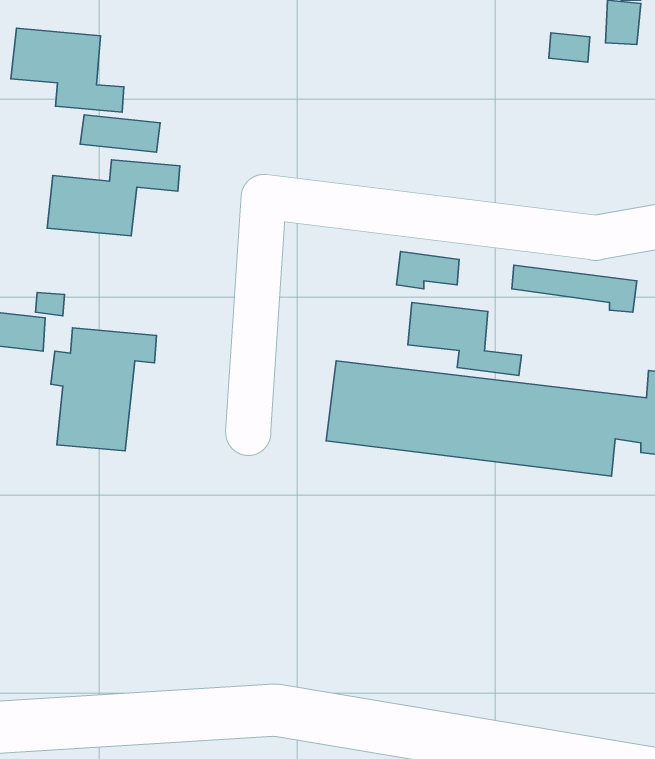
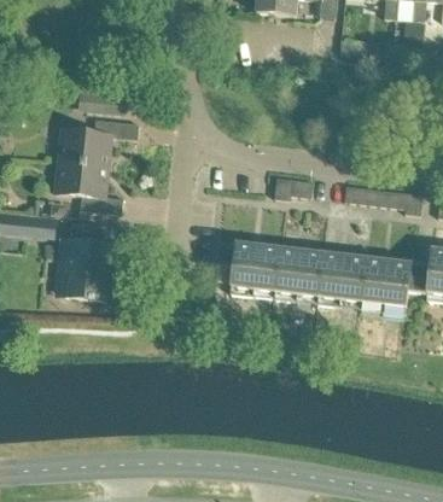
building: [11,28,124,112] -> [54,158,124,210]
building: [408,303,522,376] -> none

